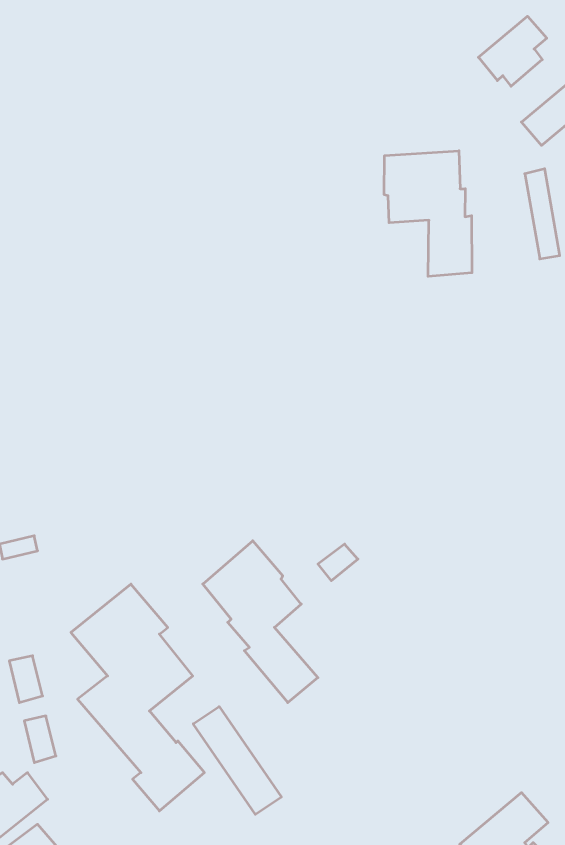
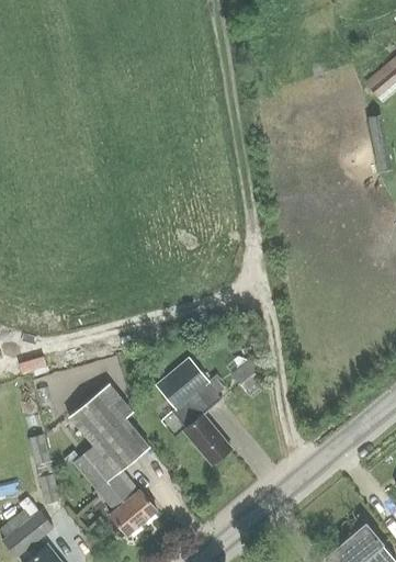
building: [478,16,547,86] -> none
building: [384,151,472,276] -> none
building: [193,707,281,814] -> none

